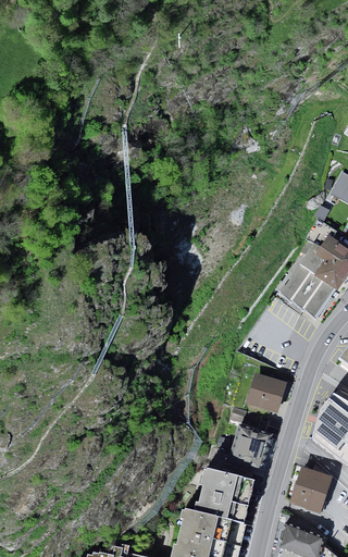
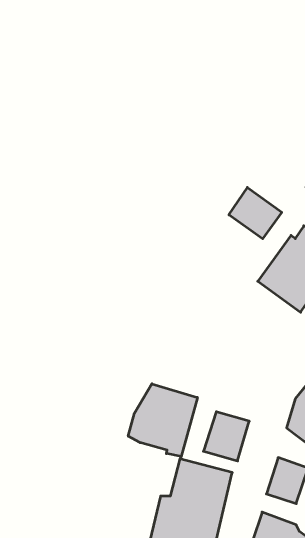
building: none -> [229,187,282,239]
building: [247,375,286,416] -> none
building: none -> [128,384,197,457]

